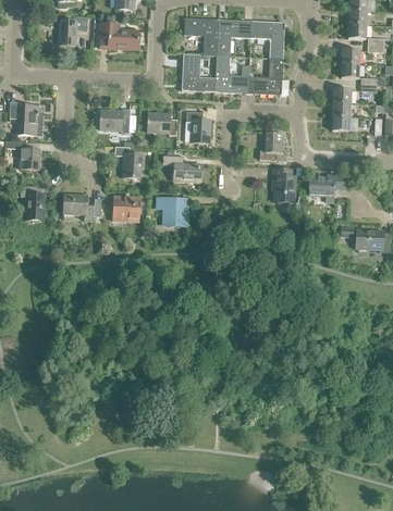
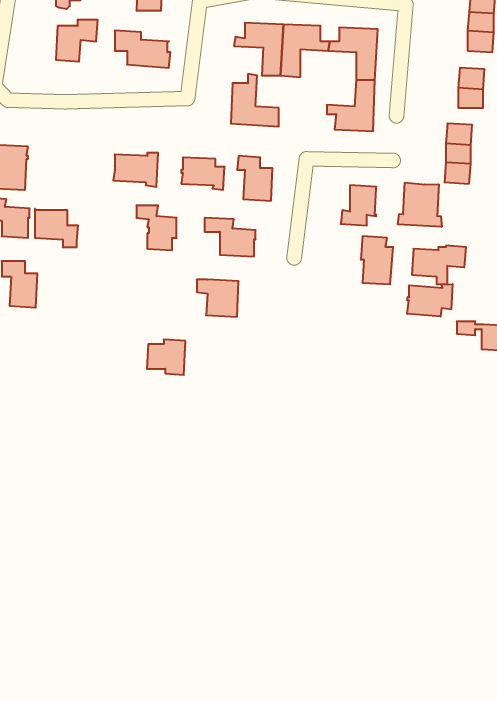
building: [214,54,248,91] -> none
building: none -> [398,183,442,227]
building: [63,192,94,220] -> [35,209,78,247]
building: [112,196,139,221] -> [147,339,185,375]
building: none -> [407,284,453,317]

